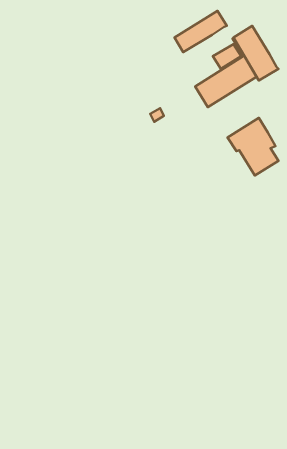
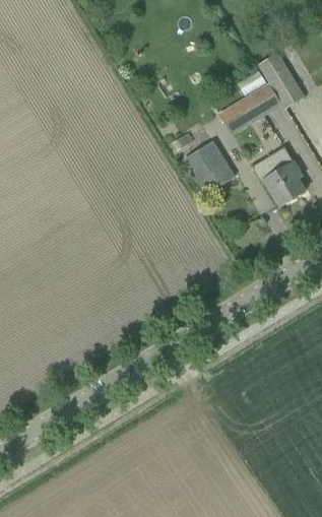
building: [175,11,227,52] -> none
building: none -> [182,139,236,195]

